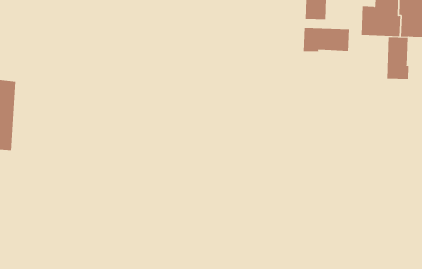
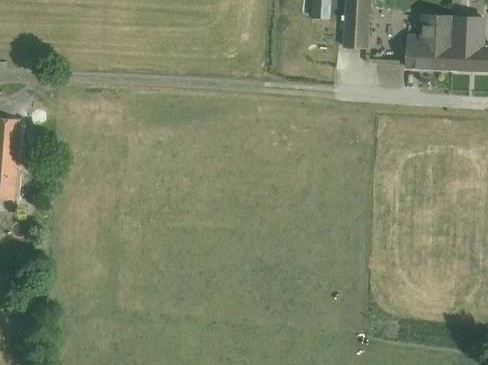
building: [303,27,349,52] -> none
building: [387,37,409,80] -> none

